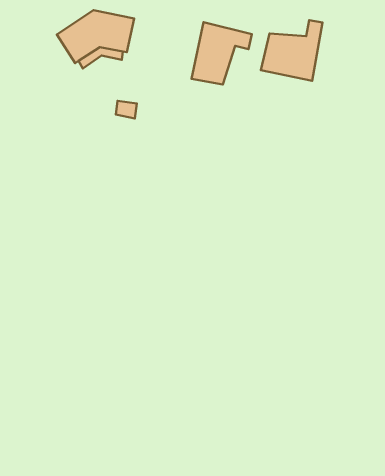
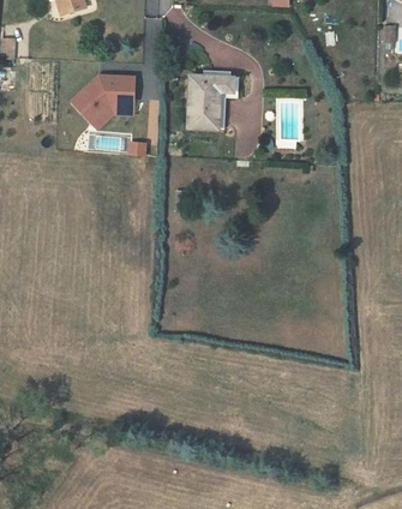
building: [261,20,323,81] -> none

